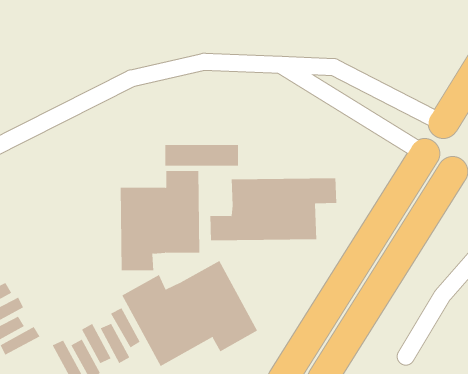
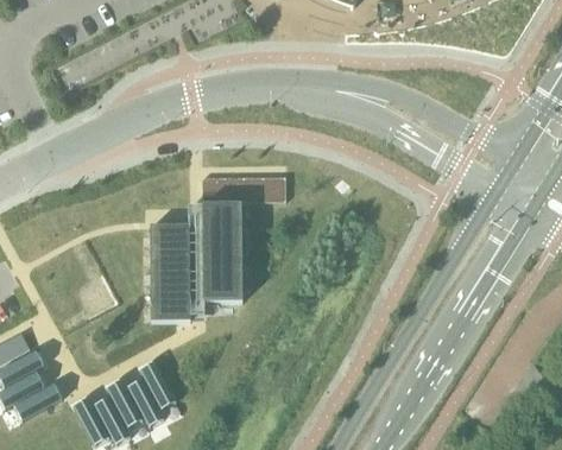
building: [210,178,337,241] -> none
building: [121,260,258,367] -> none

